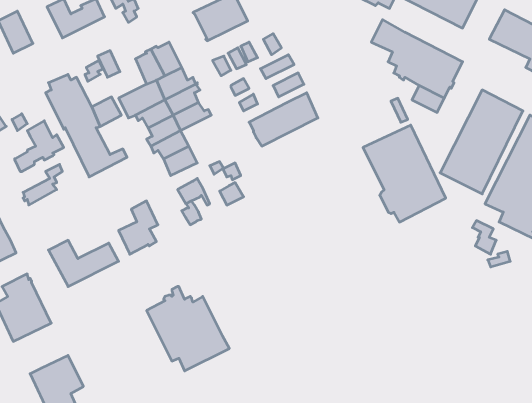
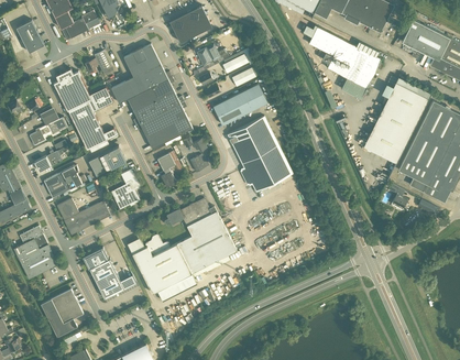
building: none -> [158,101,191,139]
building: [363,125,446,222] -> [227,117,292,193]
building: none -> [89,148,127,177]
building: none -> [44,166,86,198]
building: none -> [164,199,236,274]
building: none -> [84,247,135,298]

